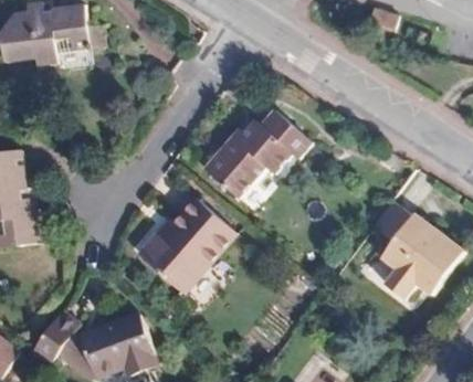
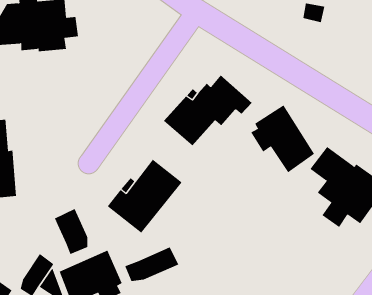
building: none -> [251,105,315,173]
building: none -> [54,208,88,255]
building: none -> [125,246,179,282]

